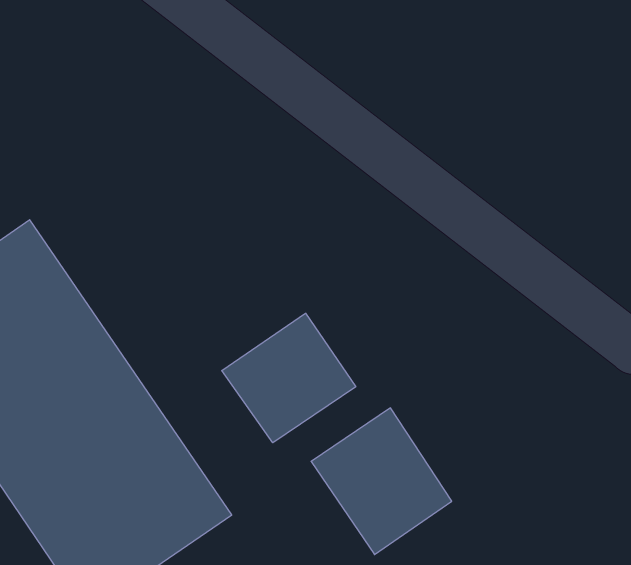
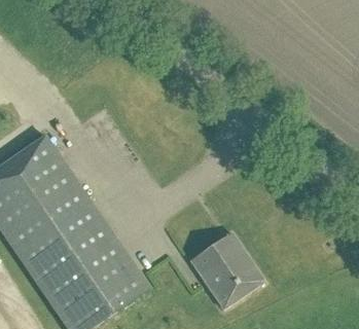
building: [222,313,356,443] -> none

